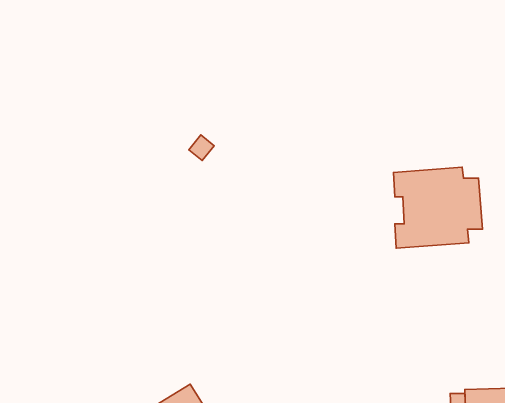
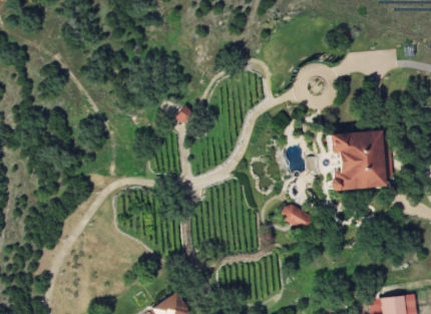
building: none -> [280,203,315,230]

